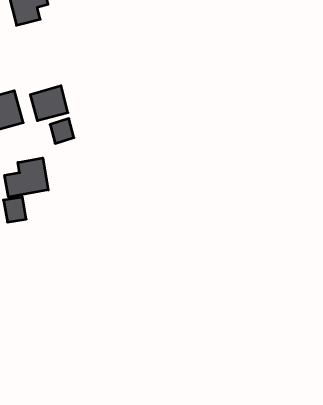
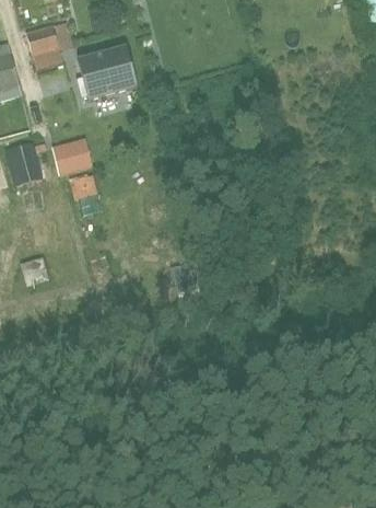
building: none -> [77,45,136,97]
building: [5,158,48,197] -> none

